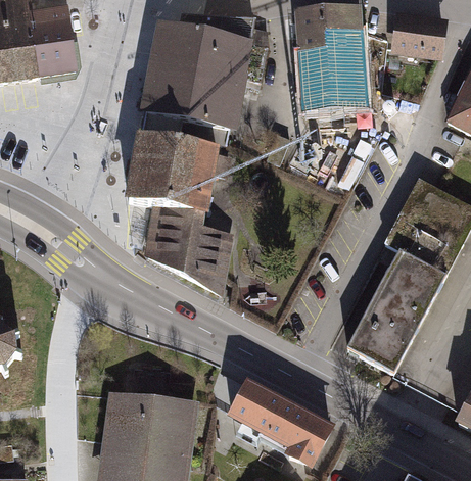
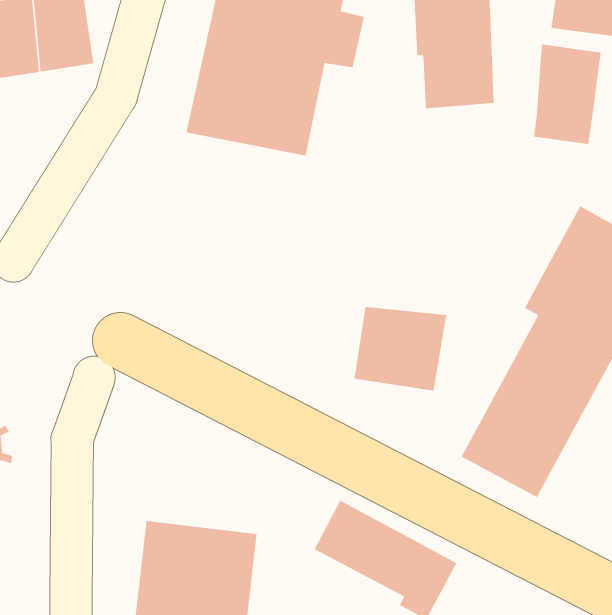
building: none -> [533,43,602,145]
building: [131,139,232,288] -> none
building: none -> [353,306,447,392]

